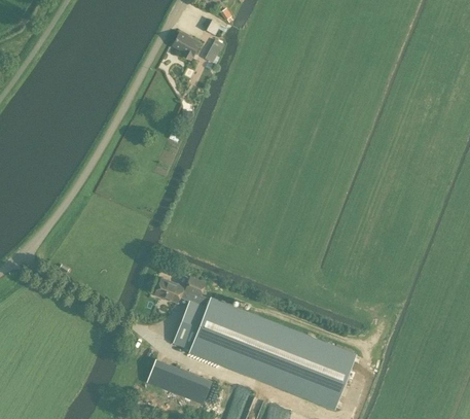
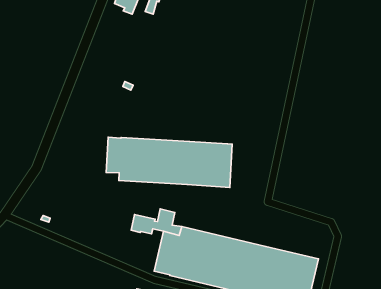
building: none -> [106,137,232,187]

